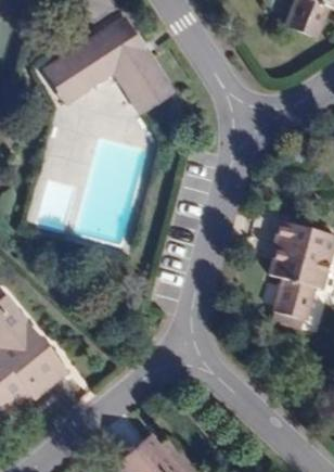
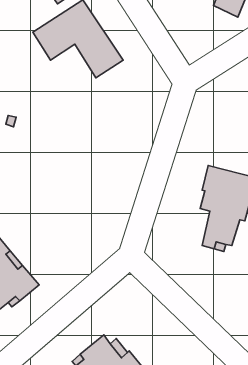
building: [42,56,84,103] -> none

